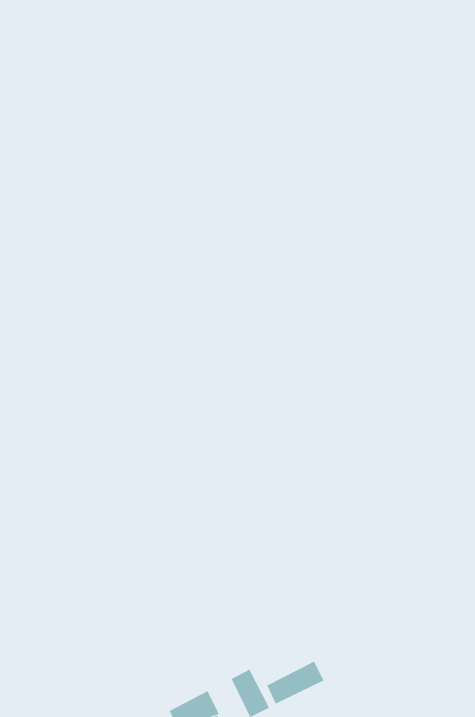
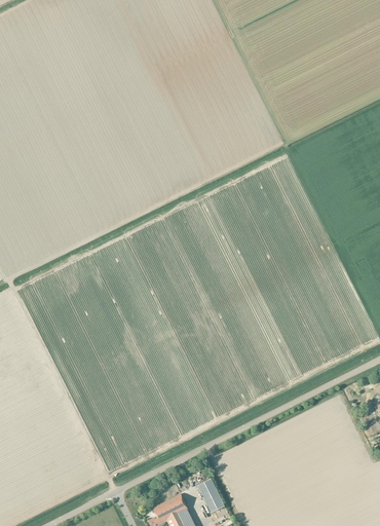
building: [267,661,324,705] -> none

